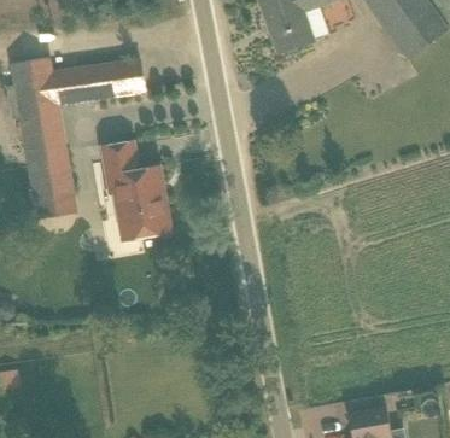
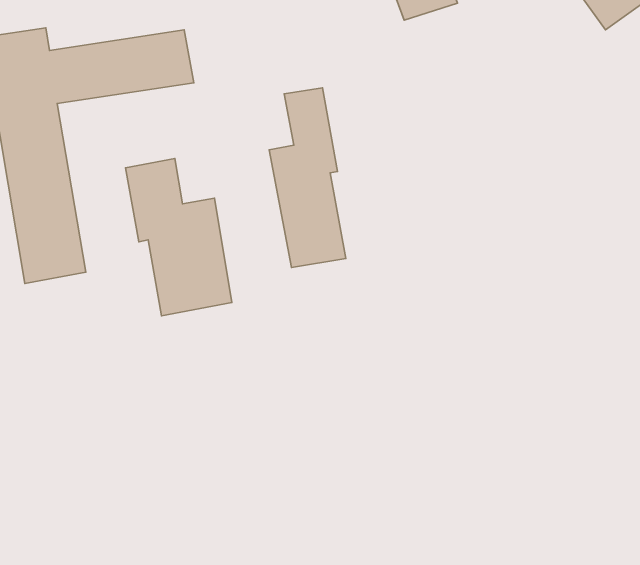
building: none -> [269,88,346,267]

